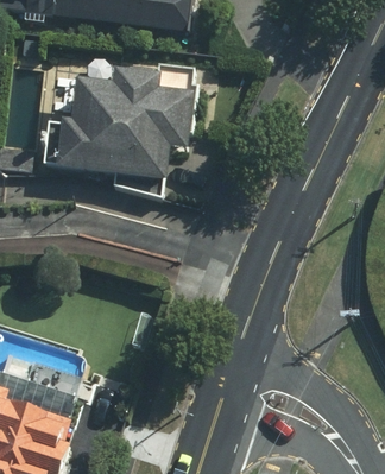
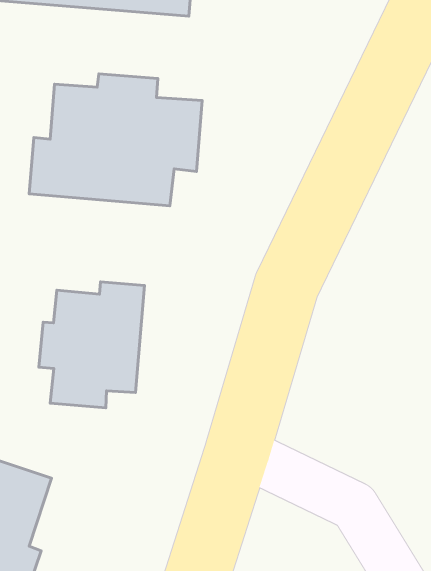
building: none -> [39,282,145,408]

